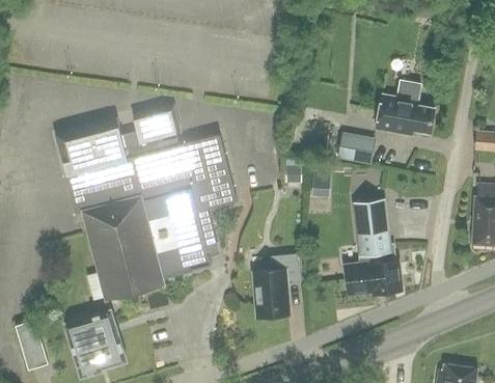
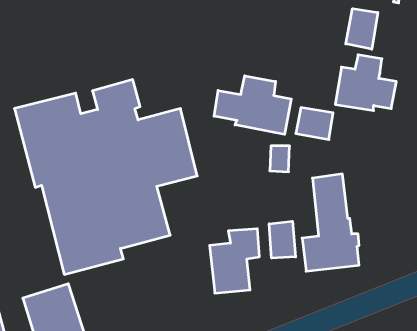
building: none -> [346,9,378,49]
building: none -> [214,76,291,134]
building: none -> [269,221,296,258]

